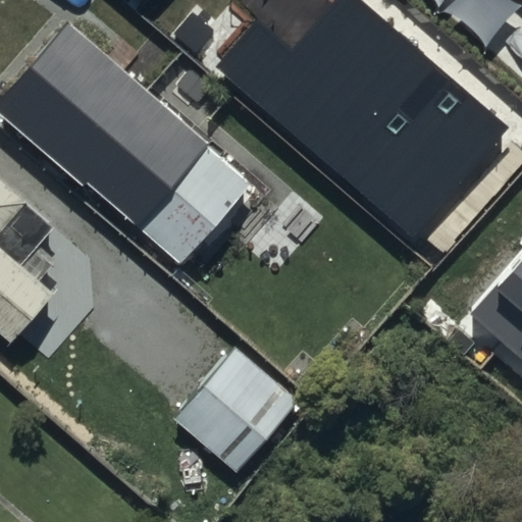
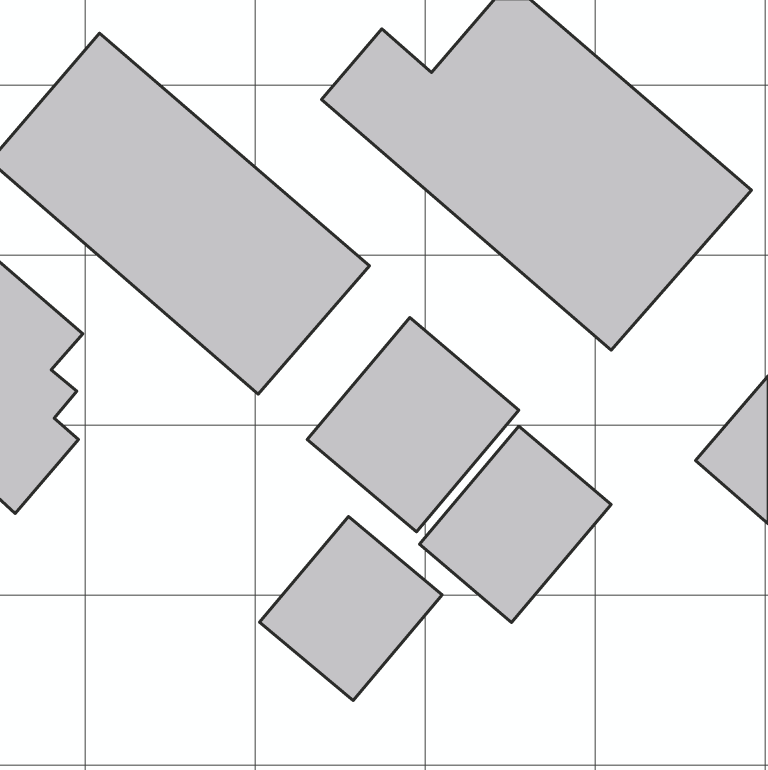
building: none -> [307,318,519,532]
building: none -> [419,426,611,623]

